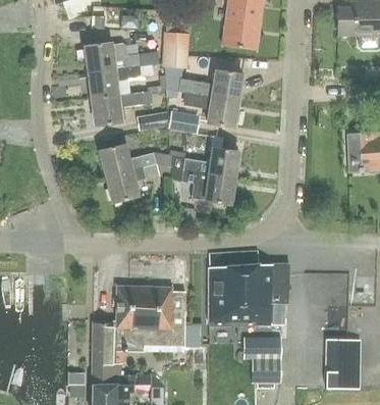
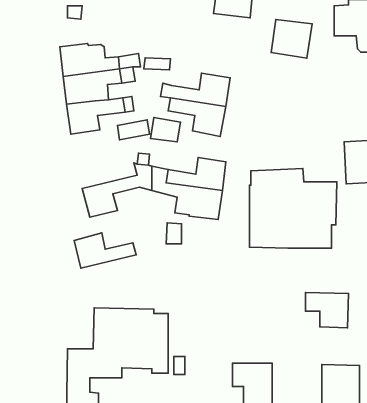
building: [222,14,260,50] -> [271,19,312,58]
building: [163,33,187,56] -> none
building: [99,143,156,175] -> [74,233,136,268]
building: [208,252,288,325] -> [250,169,337,248]

